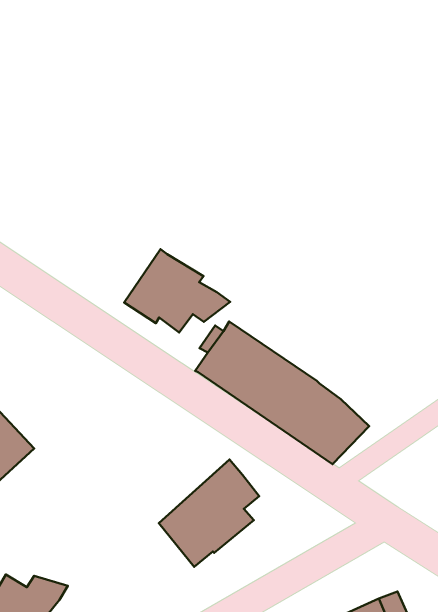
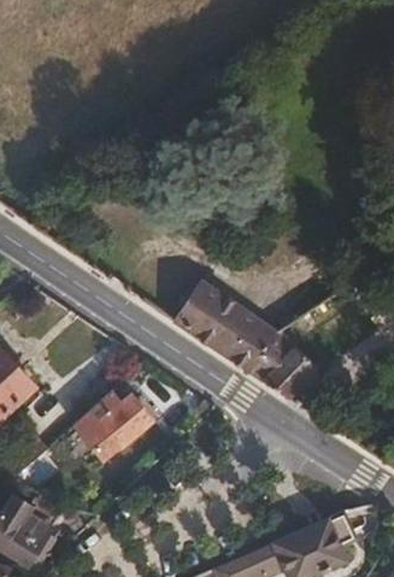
building: [124,249,230,332] -> none
building: [159,459,259,567] -> [73,371,159,463]

